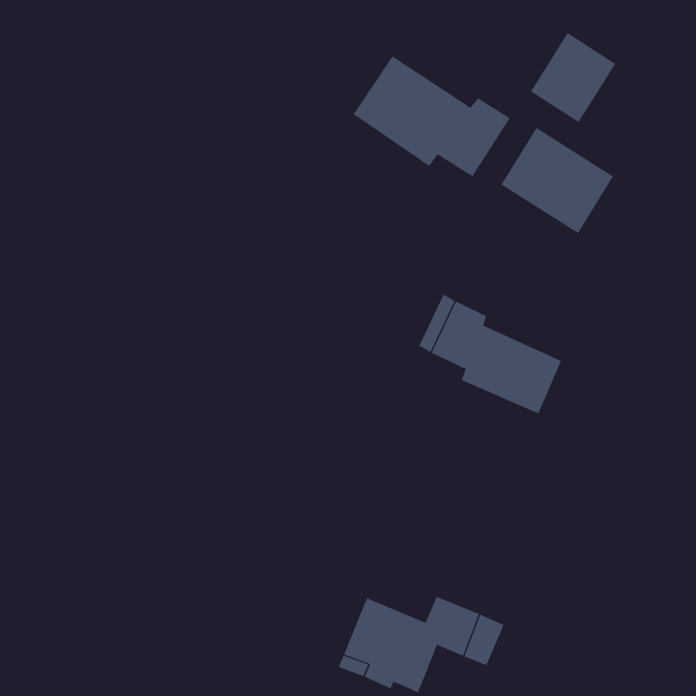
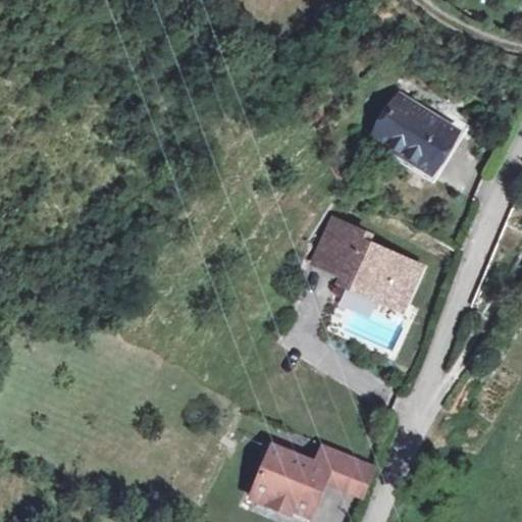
building: [530,32,616,123] -> none
building: [353,55,510,177] -> none

